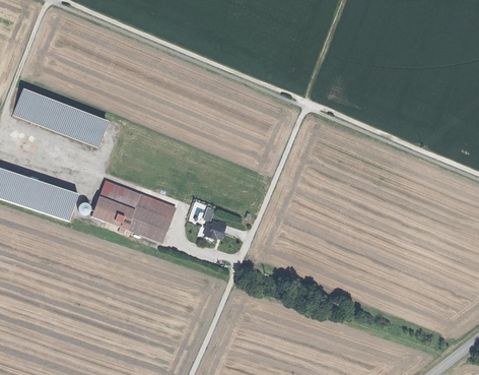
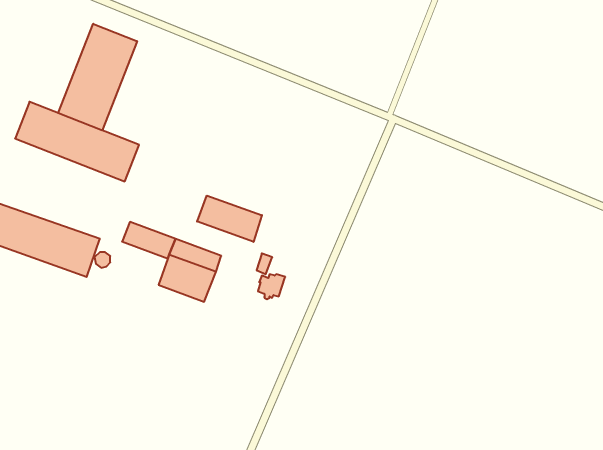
building: none -> [58,24,137,130]
building: none -> [197,196,262,242]
building: [89,195,132,229] -> none

